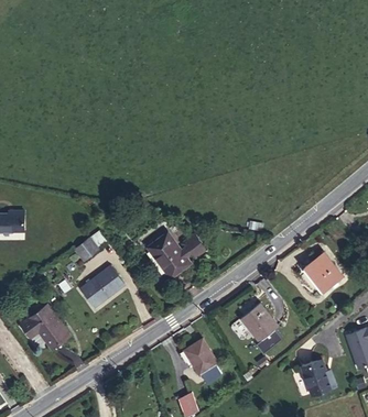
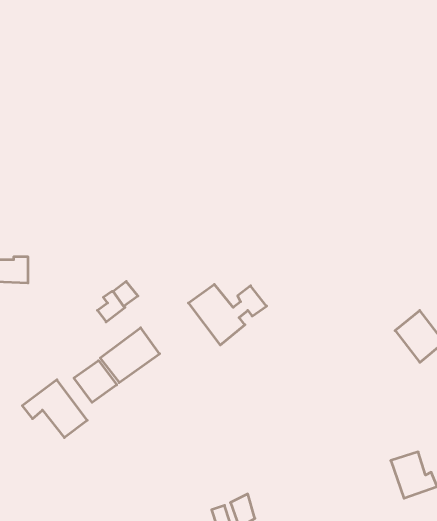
building: none -> [74,361,117,402]
building: [240,303,278,341] -> none
building: [183,339,217,374] -> none

